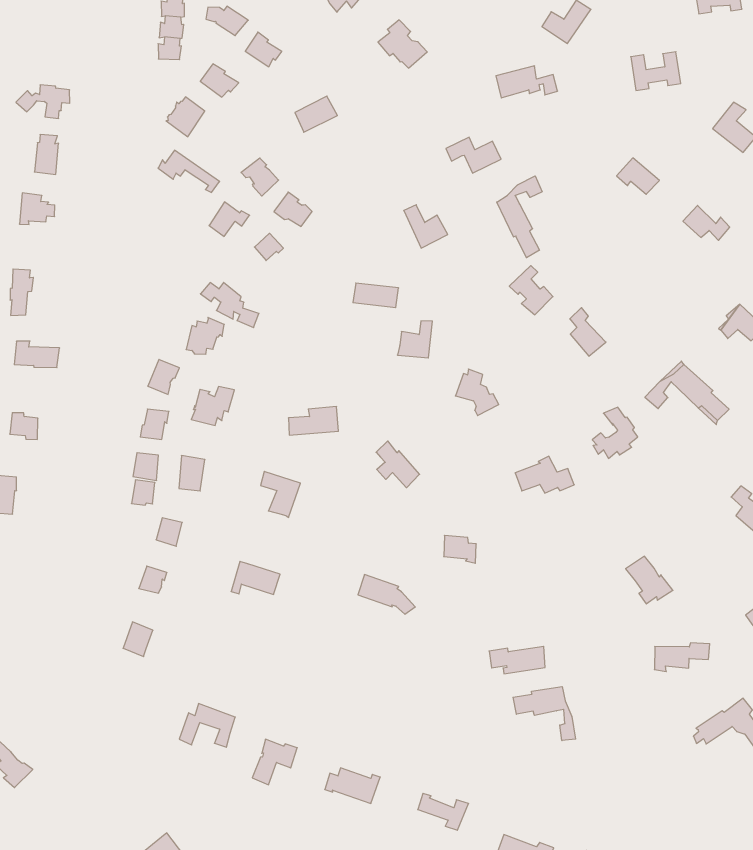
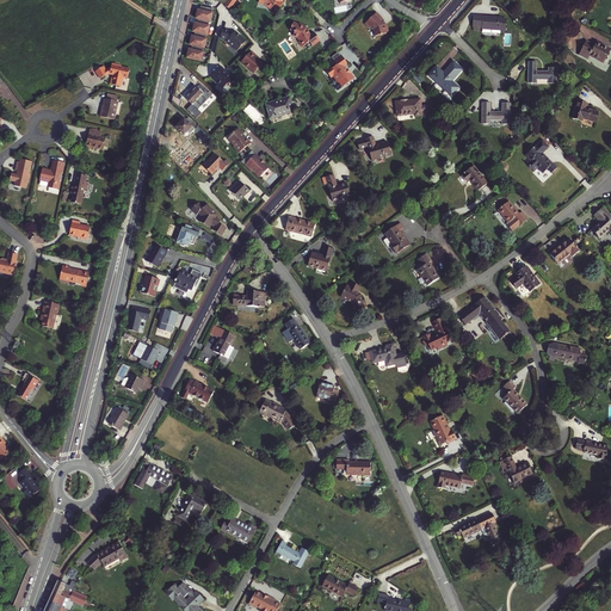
building: [497,176,542,258] -> none
building: [513,687,576,741] -> none

